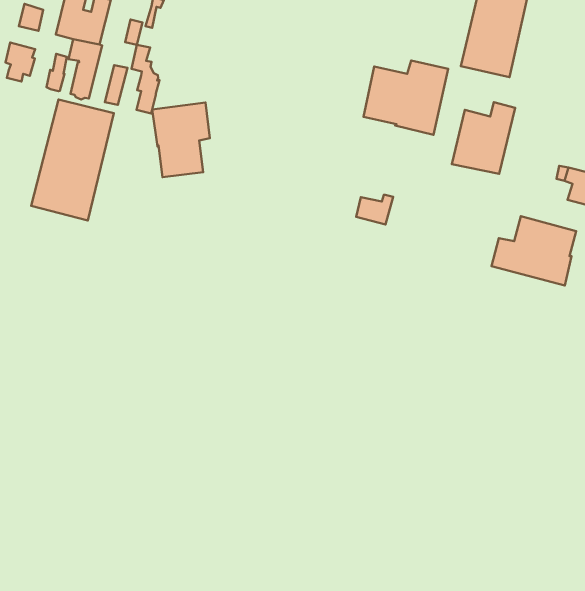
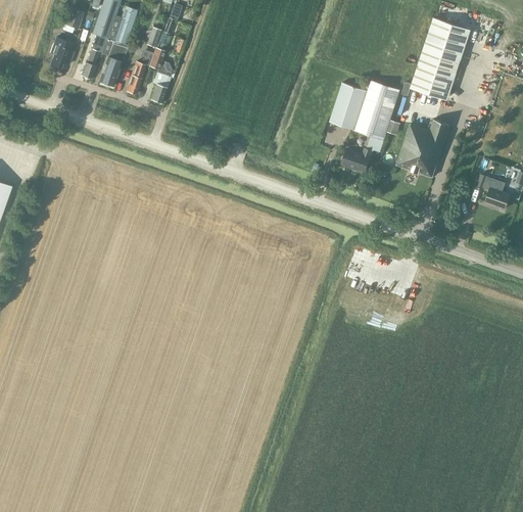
building: [31,99,114,220] -> none
building: [152,103,210,177] -> none
building: [356,195,393,225] -> [341,148,372,172]
building: [492,216,576,286] -> none

